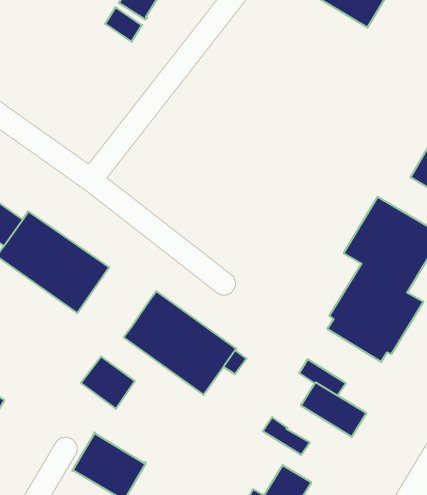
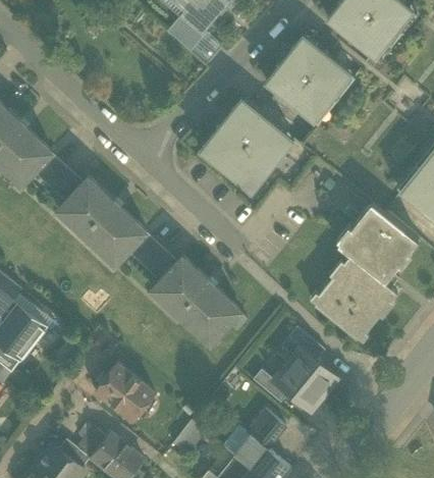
building: none -> [267,39,359,128]
building: none -> [201,100,296,195]
building: [81,356,135,409] -> [132,237,176,281]
building: none -> [272,363,324,411]

